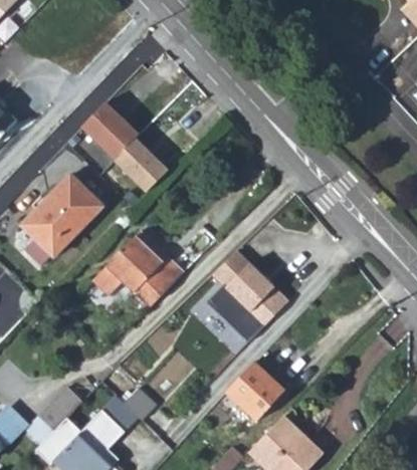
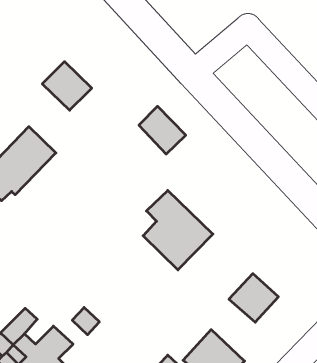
building: [119,135,174,191] -> [139,106,186,154]
building: [91,236,180,305] -> none
building: [227,360,285,417] -> [229,274,278,322]

